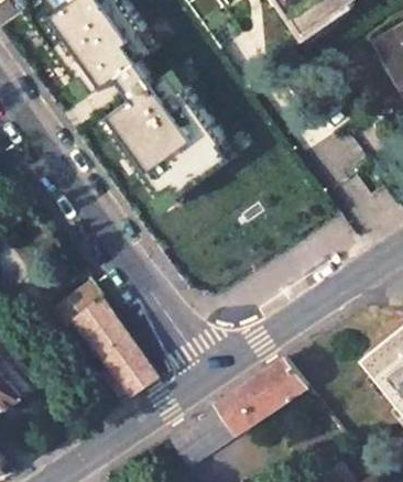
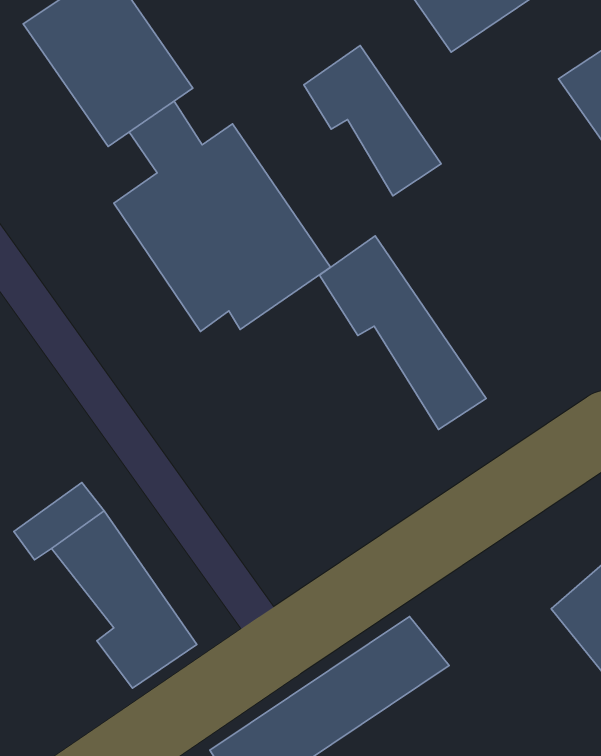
building: none -> [304,46,441,196]
building: none -> [320,236,486,429]

